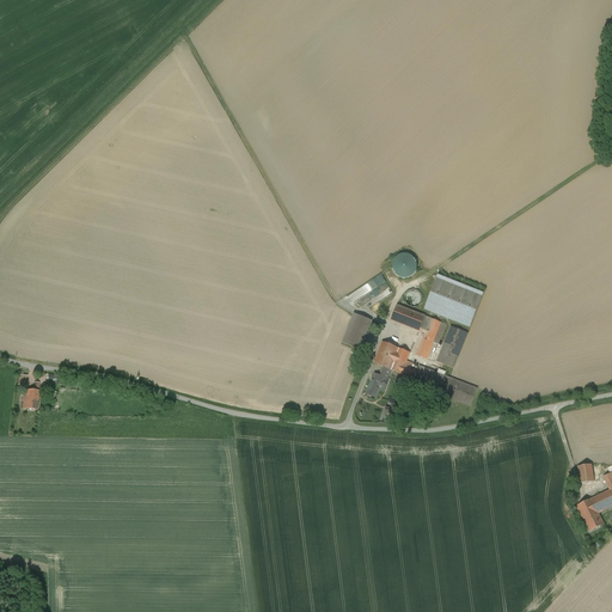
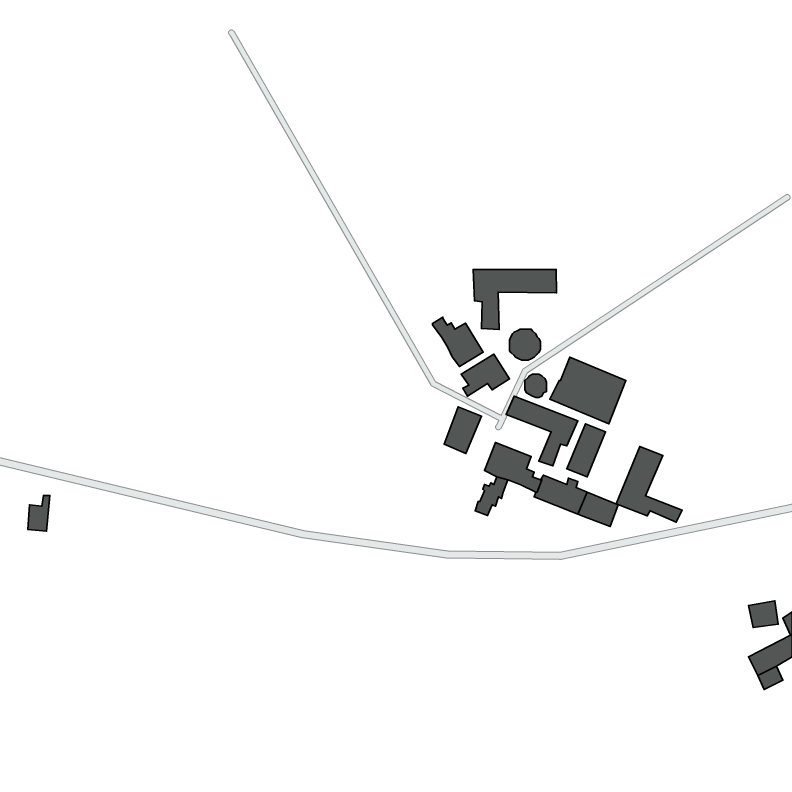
building: none -> [473,269,557,329]
building: none -> [432,317,483,367]
building: none -> [616,446,682,522]

